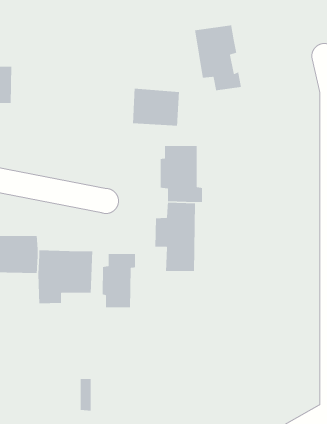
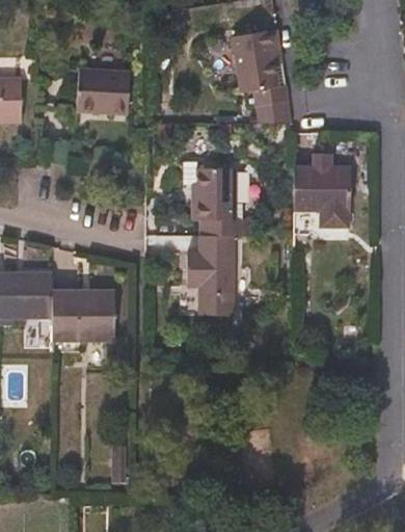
building: [132,88,180,126] -> [76,68,131,112]
building: none -> [293,153,351,234]
building: [102,253,136,308] -> none

